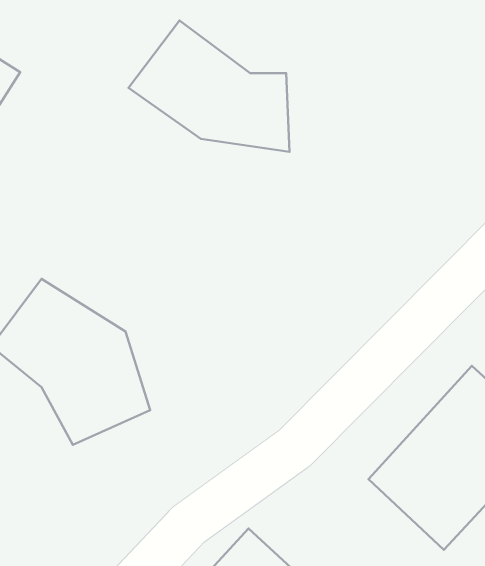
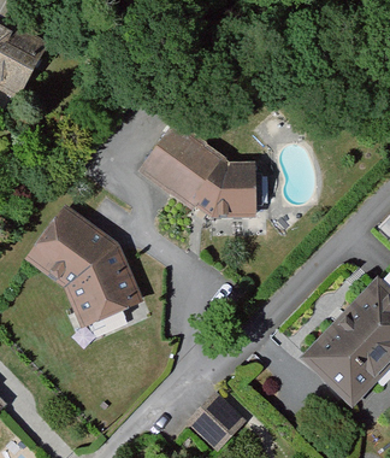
building: [129,21,289,152] -> [140,121,258,217]

